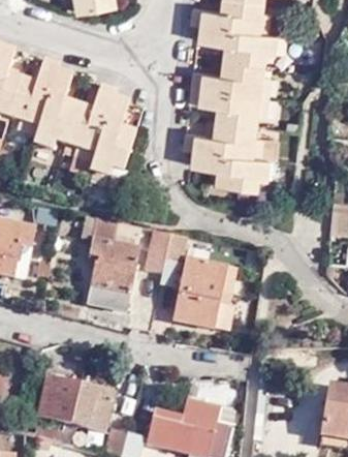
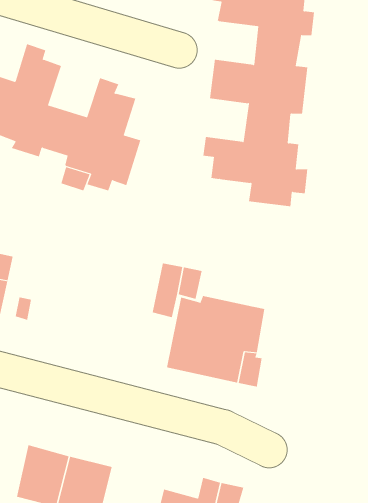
building: [86,218,138,313] -> none

